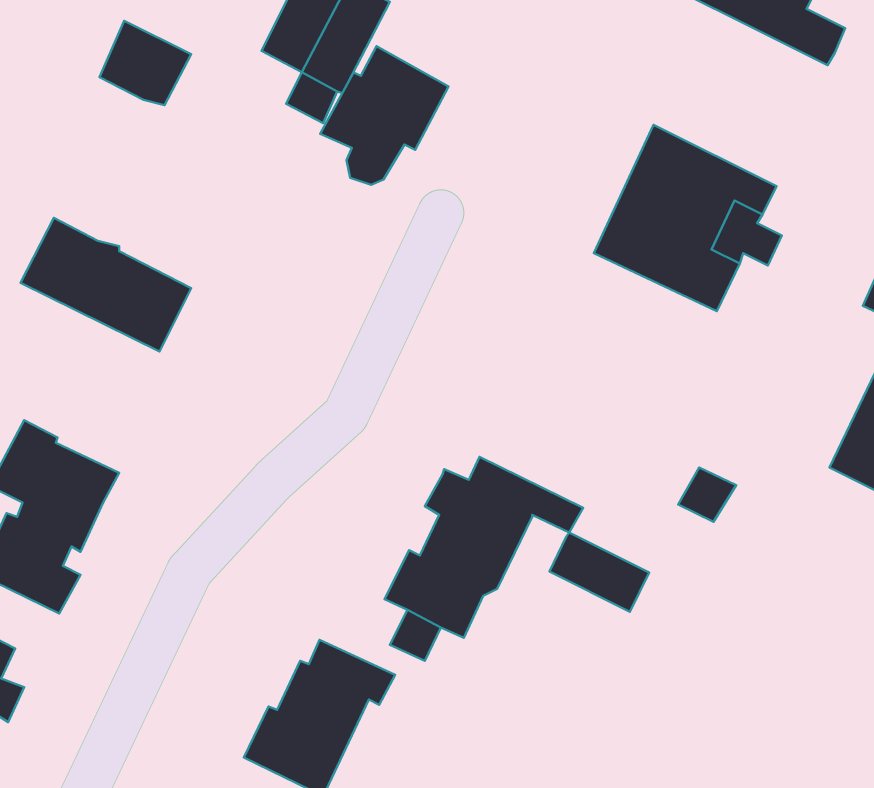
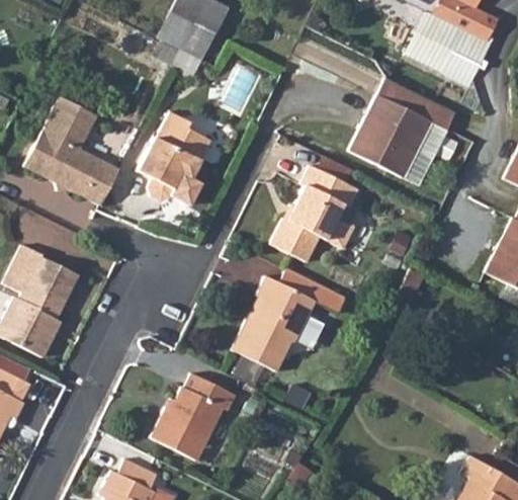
building: none -> [407,12,497,85]
building: [100,21,191,105] -> [40,97,93,146]
building: [320,46,449,185] -> [136,116,209,196]
building: none -> [266,165,355,263]
building: [550,532,649,612] -> none

